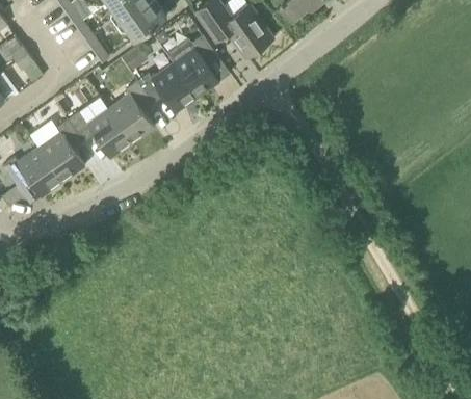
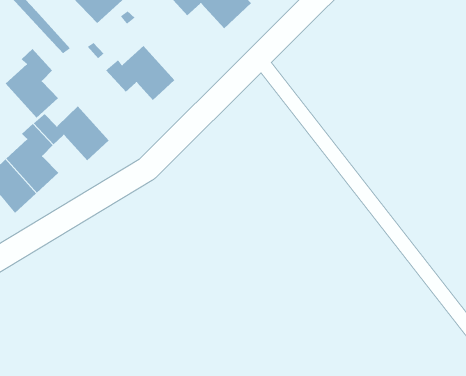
building: [165,34,218,97] -> none
building: [108,80,154,142] -> [5,48,59,119]

